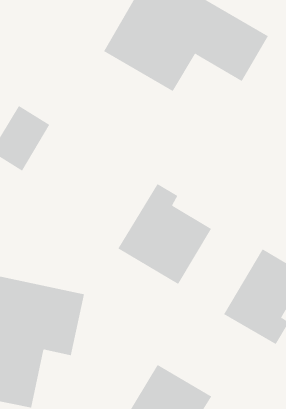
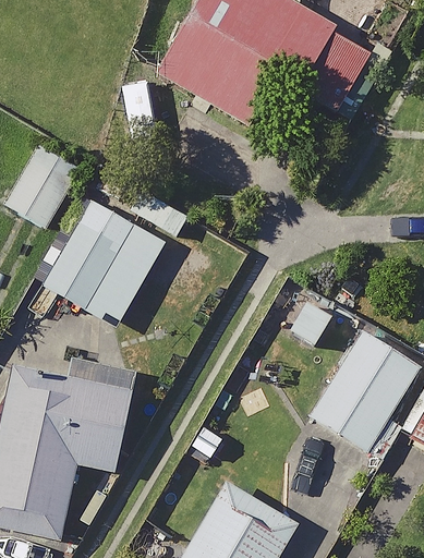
building: none -> [37,193,168,326]
building: [118,183,212,285] -> none

